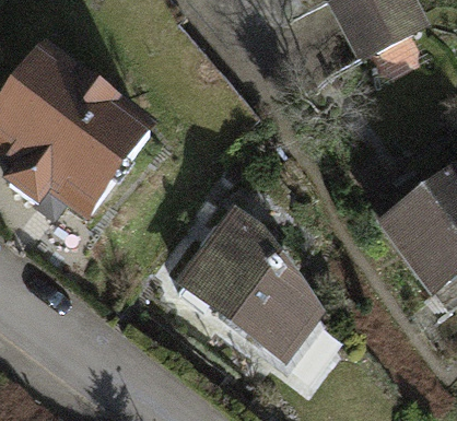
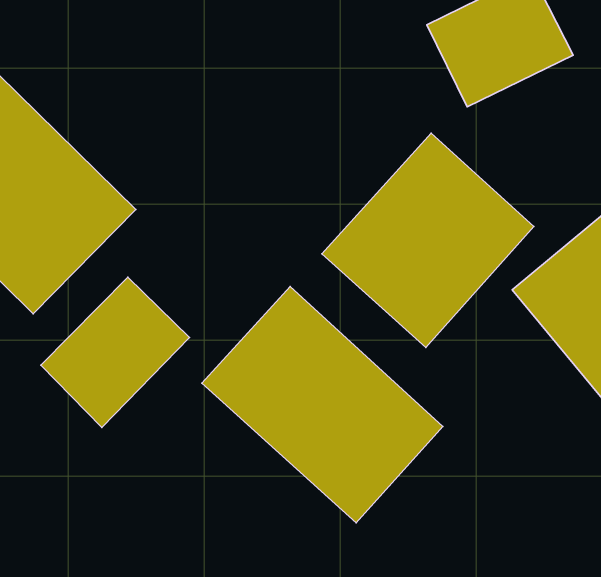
building: none -> [322,133,534,347]
building: none -> [41,277,190,427]

